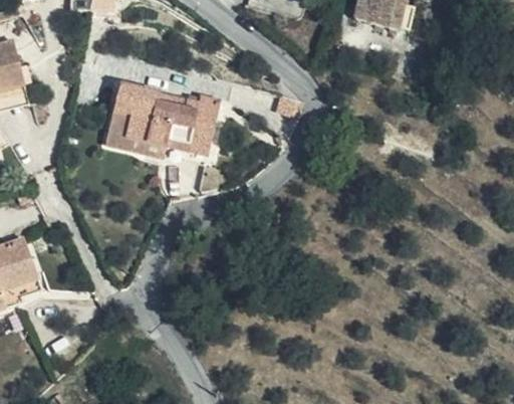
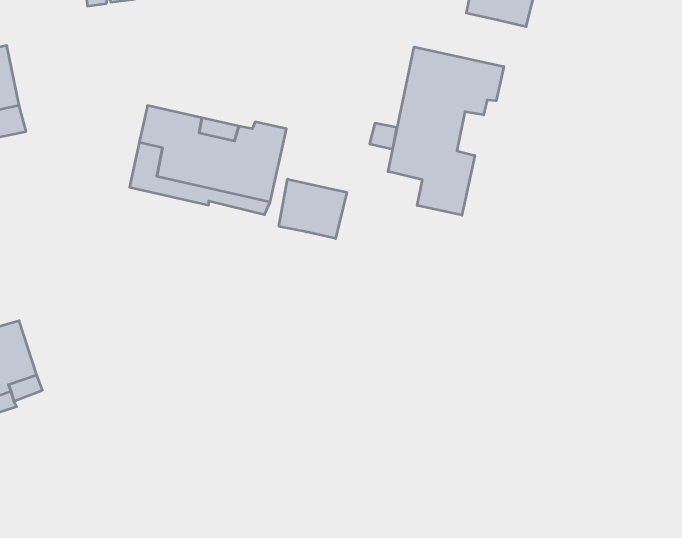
building: none -> [388,47,504,215]
building: none -> [279,179,347,239]

